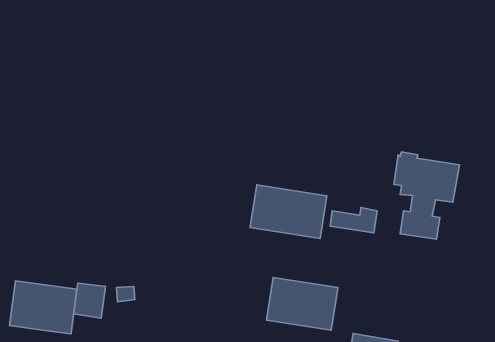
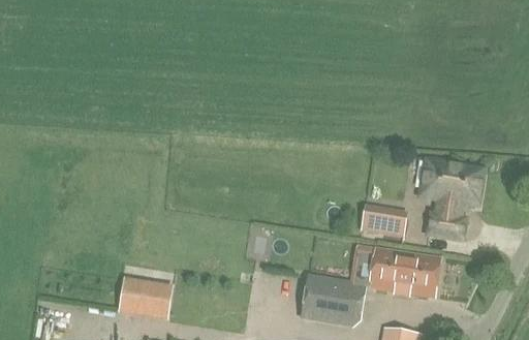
building: [250,185,327,239] -> [368,245,440,296]
building: [9,281,77,334] -> none

